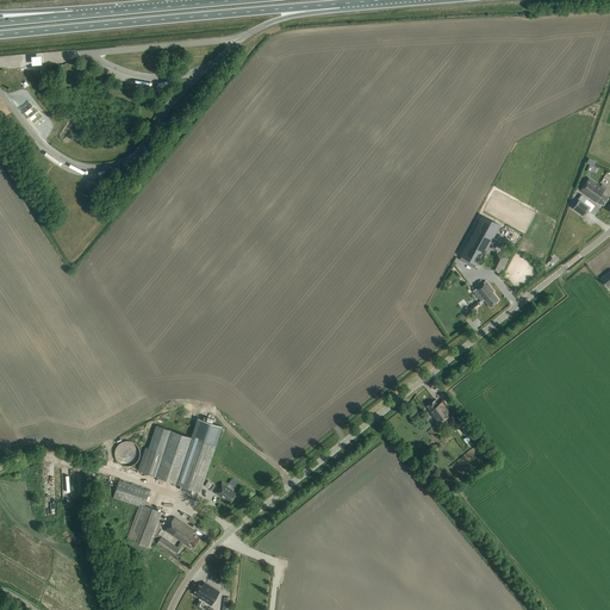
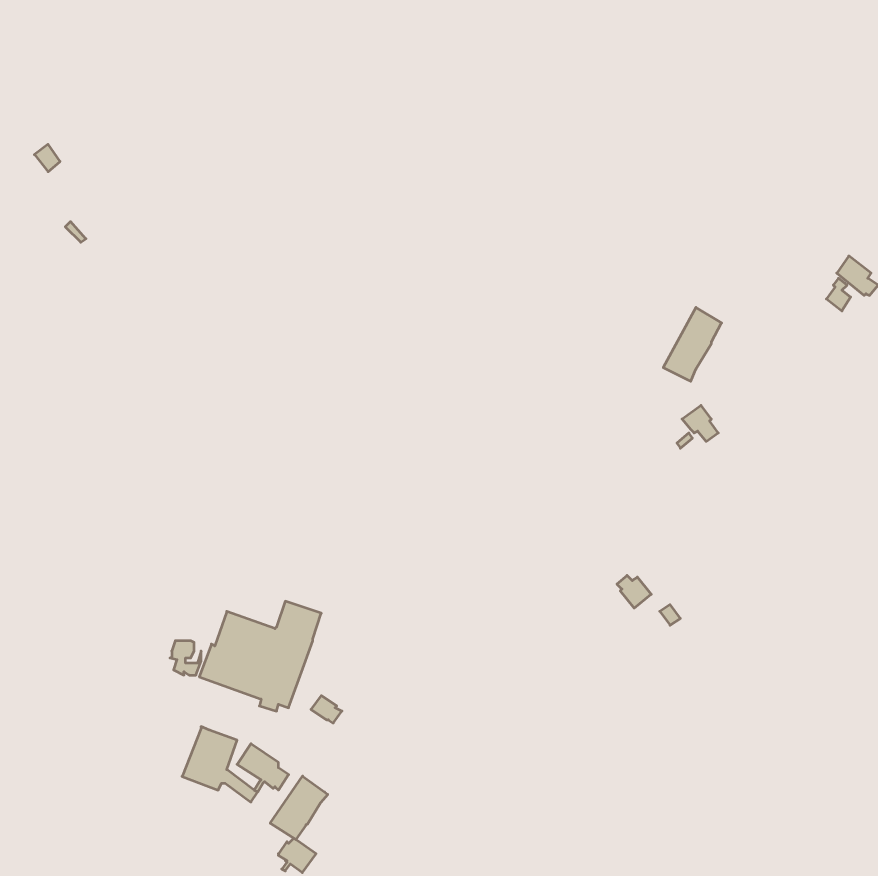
building: [114,480,150,506] -> none
building: none -> [270,776,328,840]

